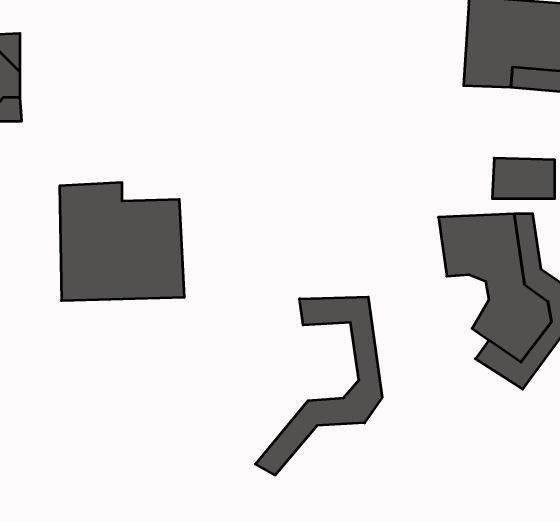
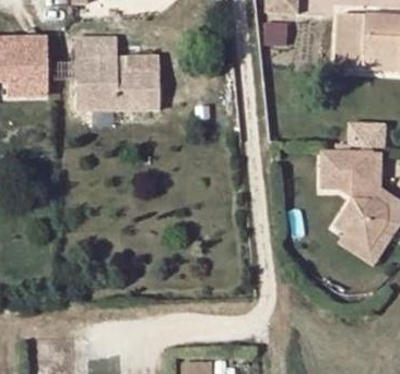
building: [60,183,184,301] -> [77,39,157,116]
building: [255,297,382,475] -> none

